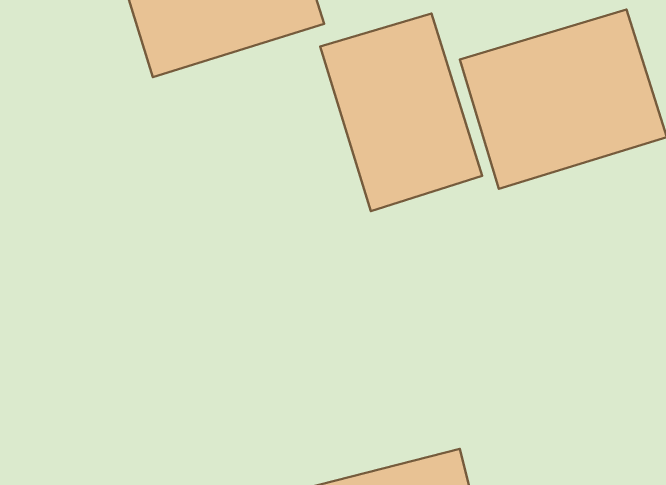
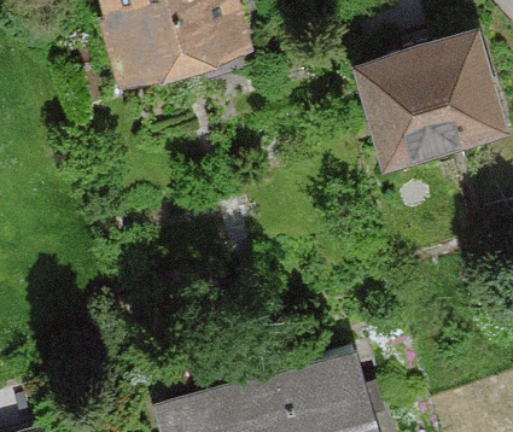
building: [320,13,482,211] -> none

